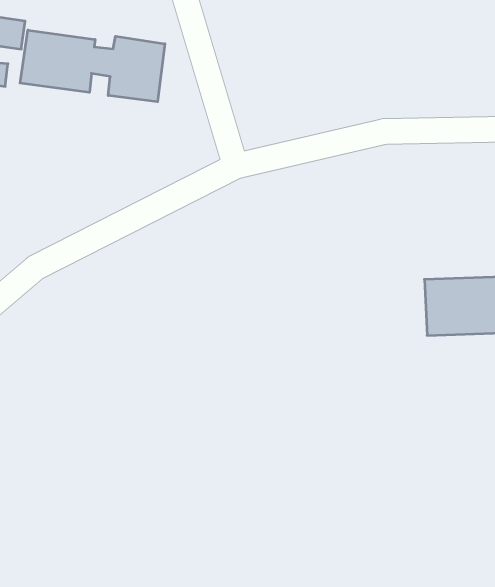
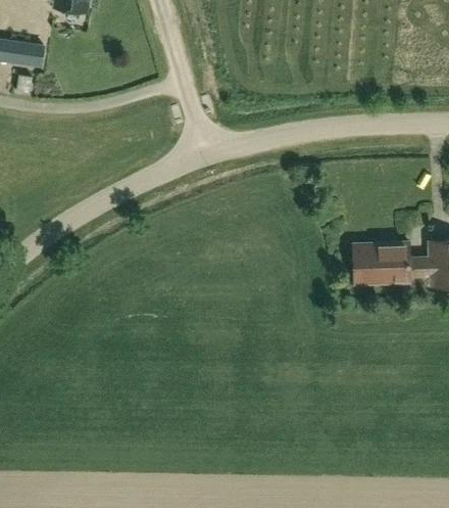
building: [20,30,165,102] -> none

